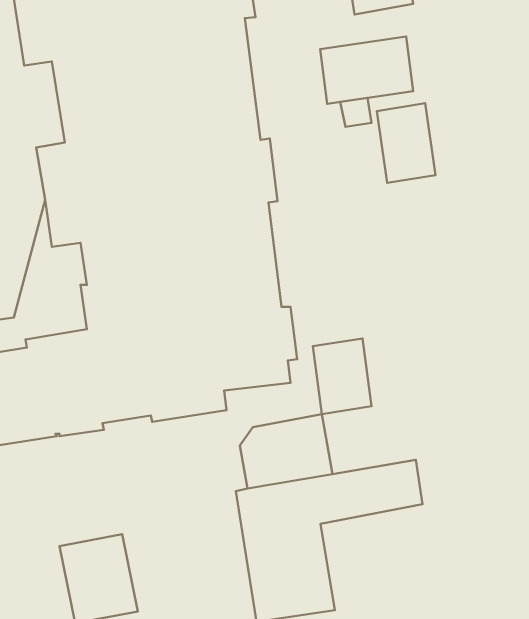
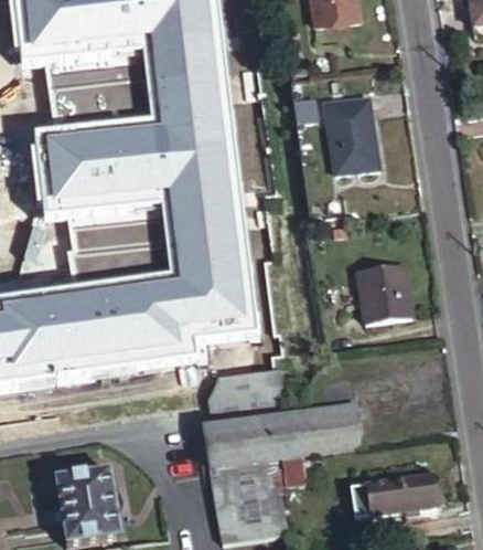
building: [320,37,413,104] -> none
building: [313,338,372,414] -> [363,255,412,319]
building: none -> [346,472,434,519]

